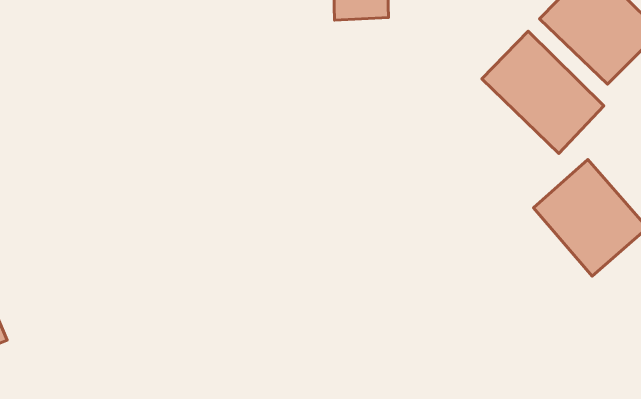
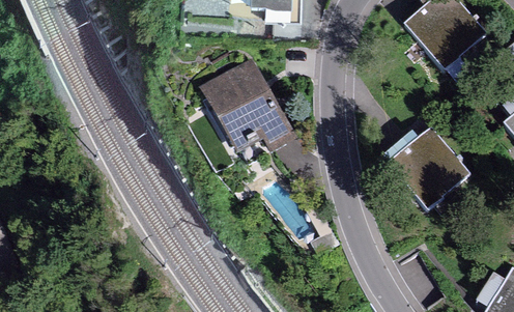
building: [482,31,604,154] -> none
building: none -> [205,62,292,155]

